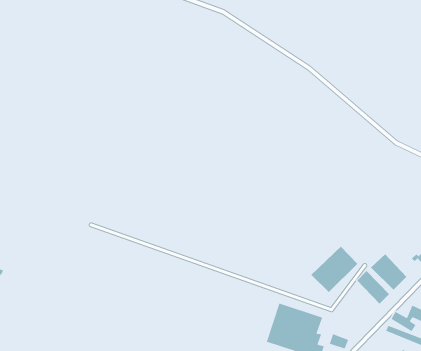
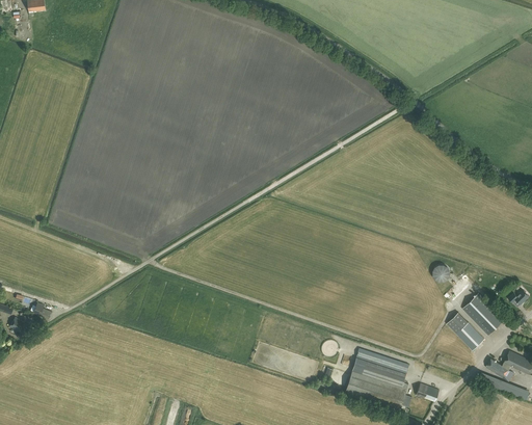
building: [310,246,358,293] -> none

